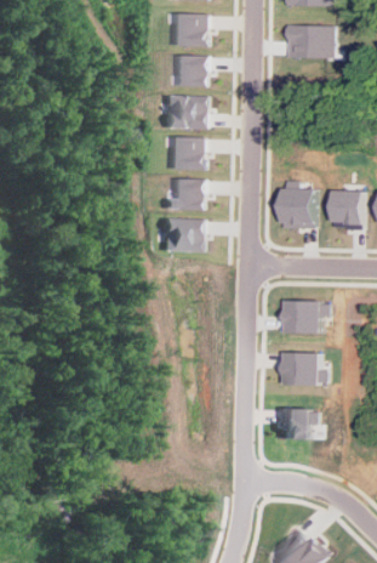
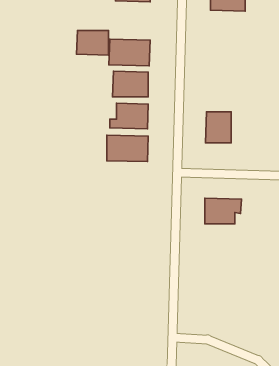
building: [166,55,207,86] -> [77,31,109,55]
building: [329,190,360,228] -> none
building: [279,352,322,385] -> none
building: [276,408,315,439] -> none

